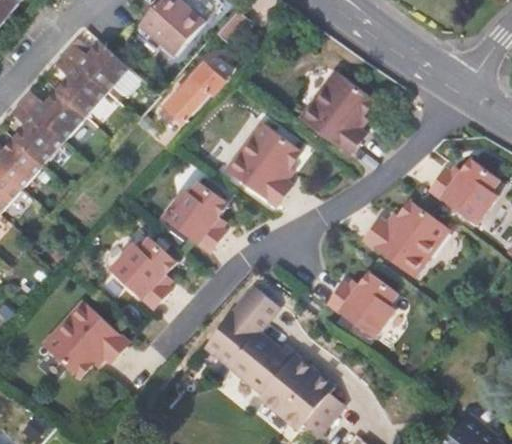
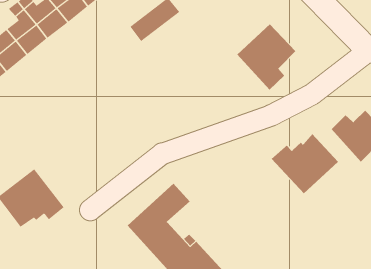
building: [227,122,301,205] -> none
building: [162,183,227,251] -> none
building: [107,238,173,307] -> none
building: [325,270,397,336] -> none

